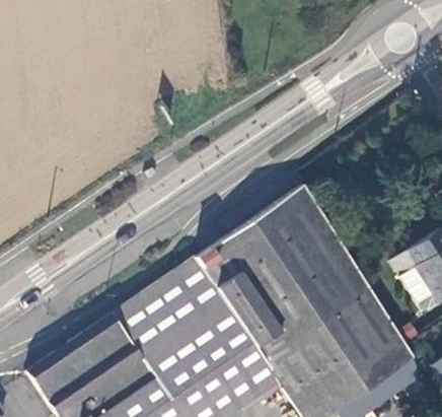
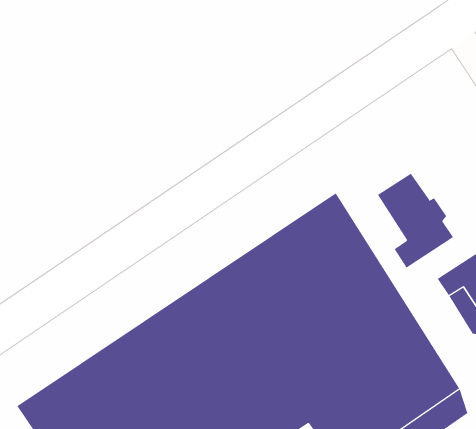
building: none -> [377,173,454,268]

